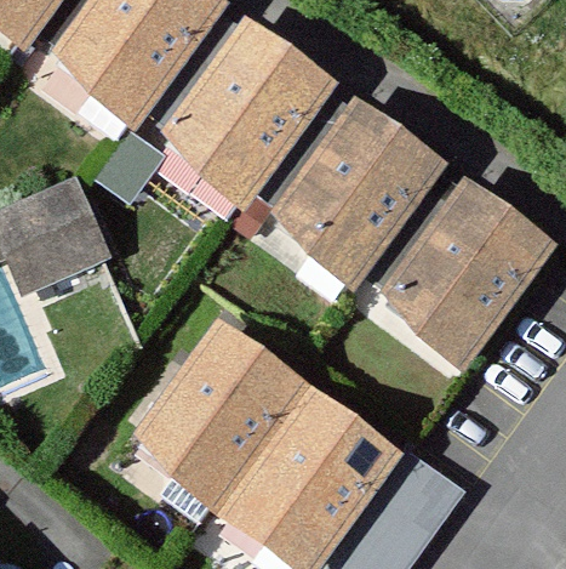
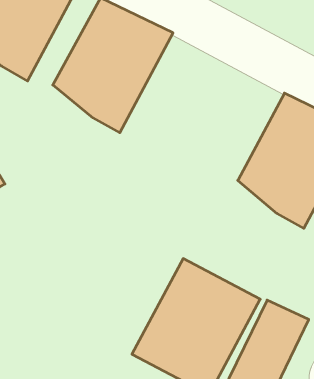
building: [275,112,438,289] -> none
building: [135,322,302,496] -> none

